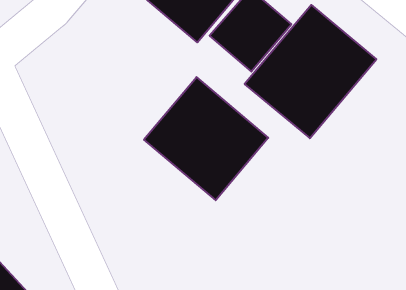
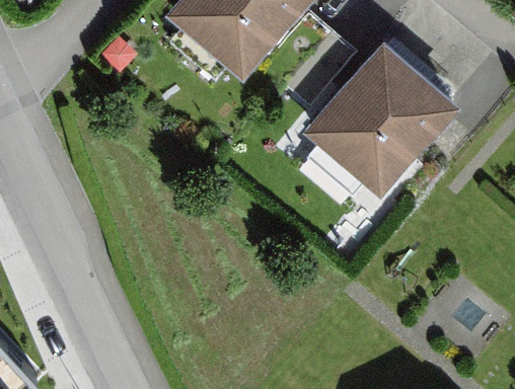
building: [144,77,268,200] -> none

